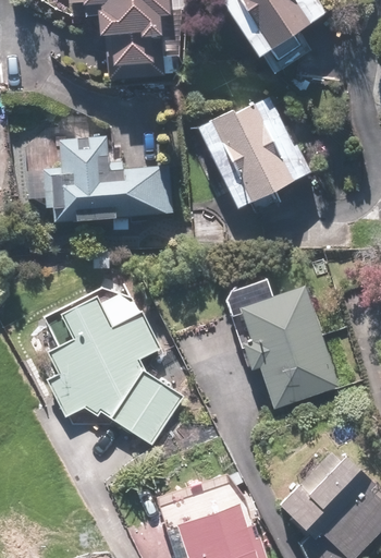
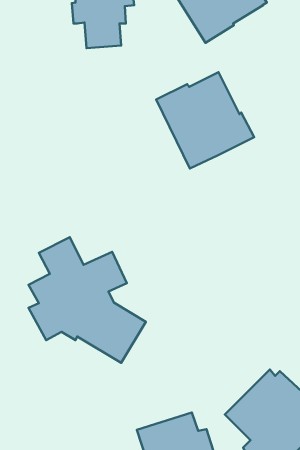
building: [32,135,175,225] -> none
building: [234,283,336,409] -> none

